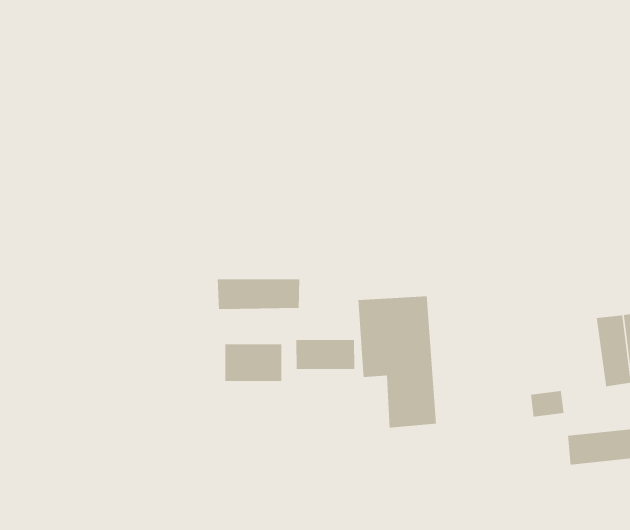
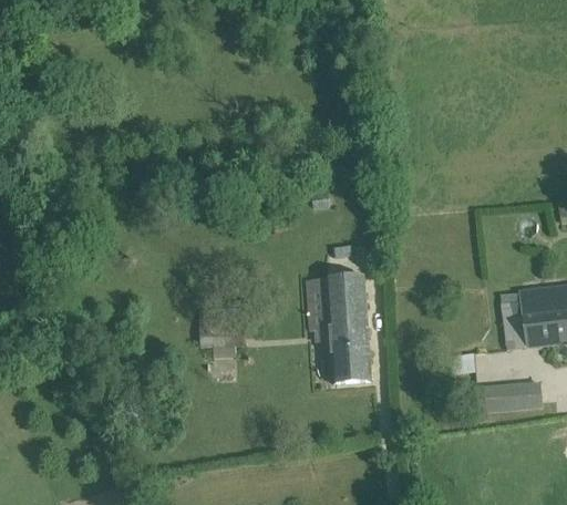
building: [217,279,300,310] -> none
building: [295,339,355,370] -> none

